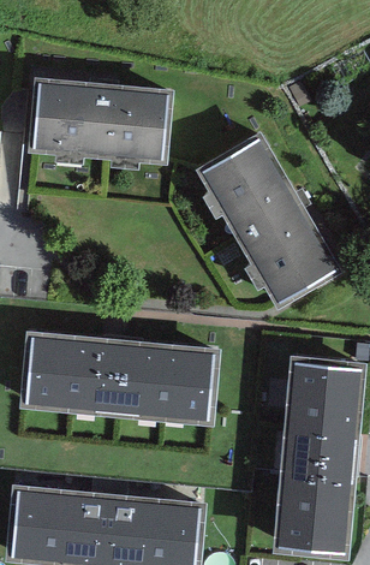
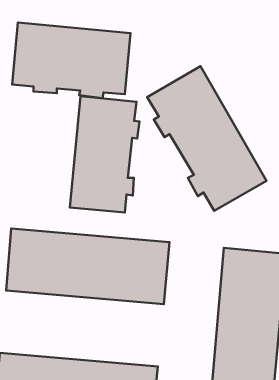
building: none -> [70,96,139,212]

